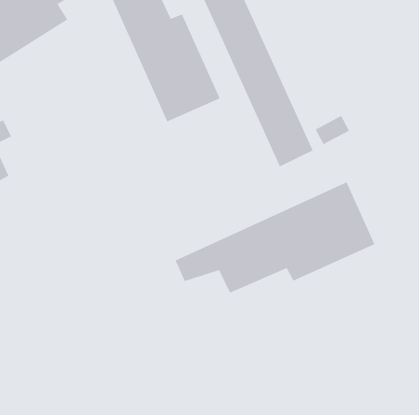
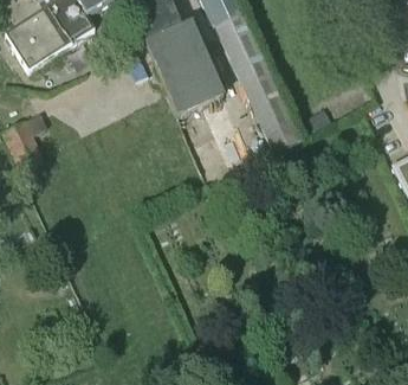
building: [175,182,375,294] -> none

